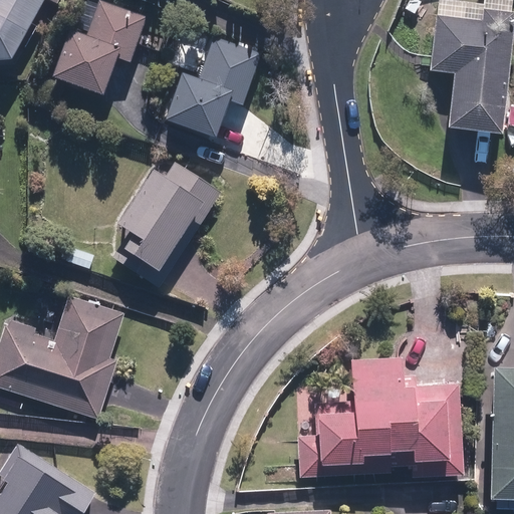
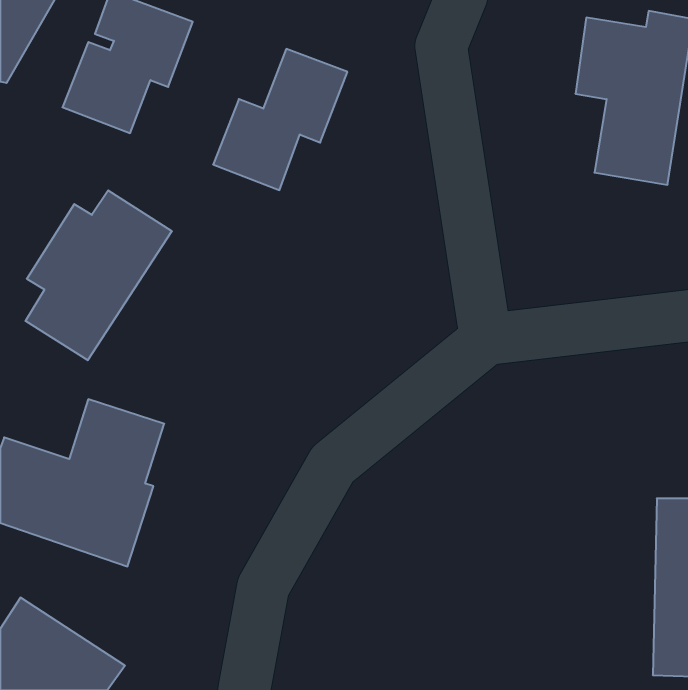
building: [113,162,222,287] -> [25,190,172,360]
building: [298,358,461,476] -> none

